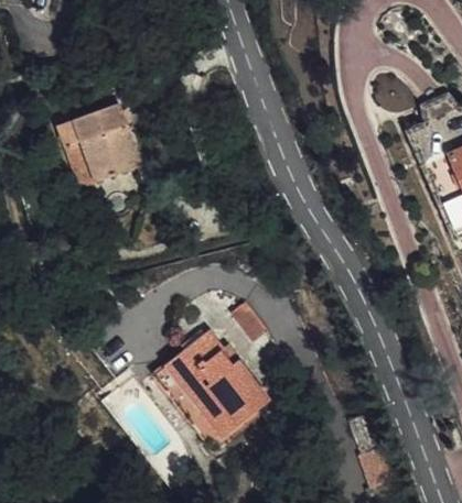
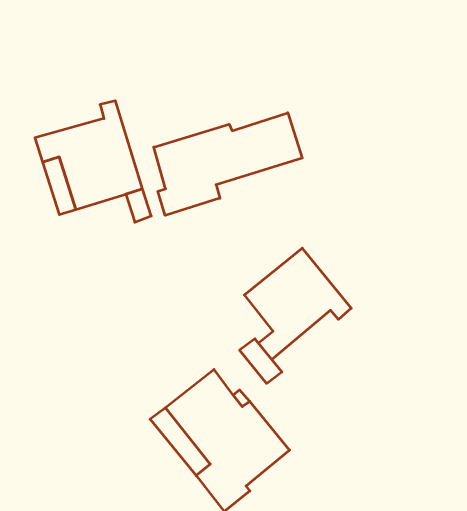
building: none -> [154,113,302,215]
building: none -> [244,248,351,360]

